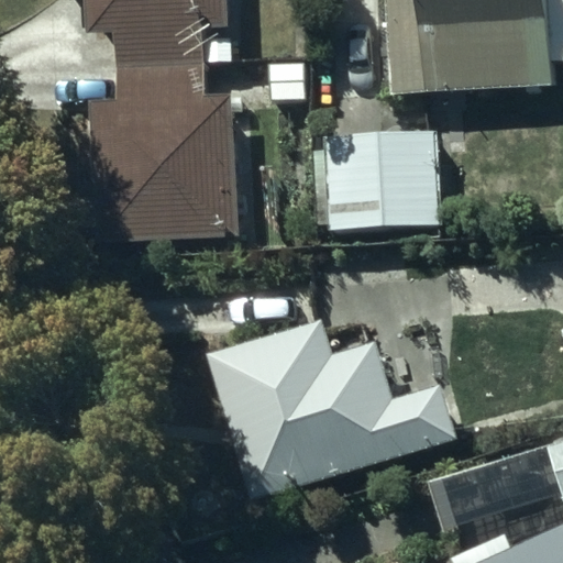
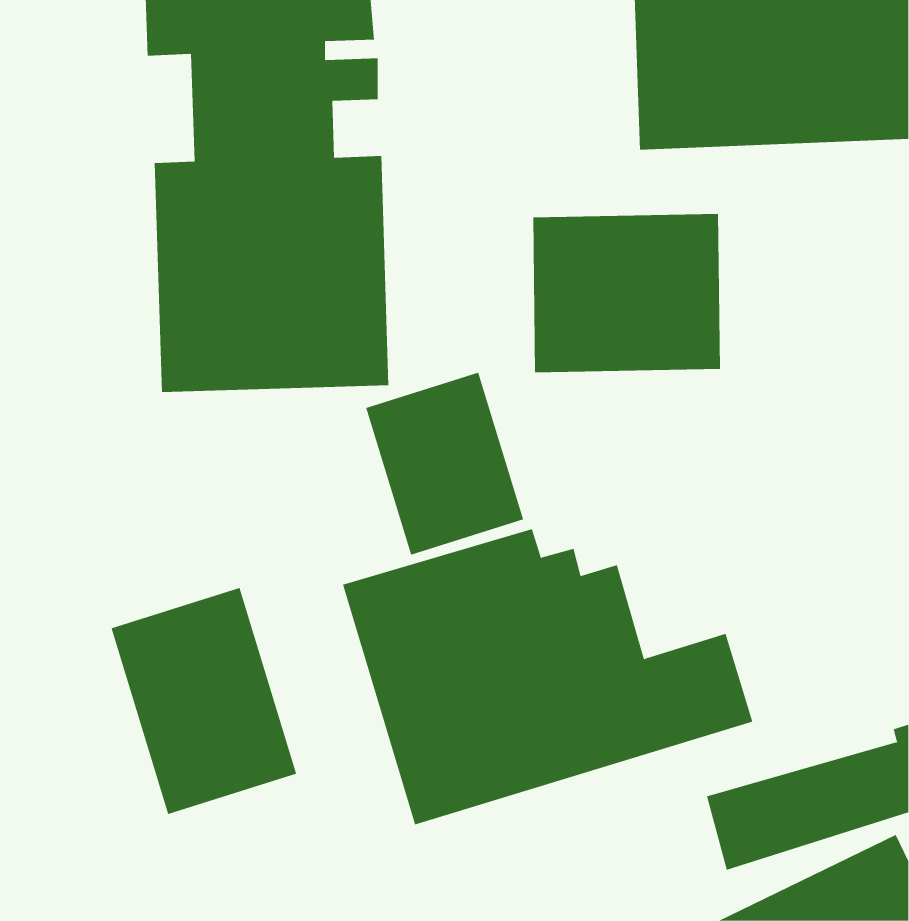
building: none -> [366,372,524,555]
building: none -> [111,587,297,815]

